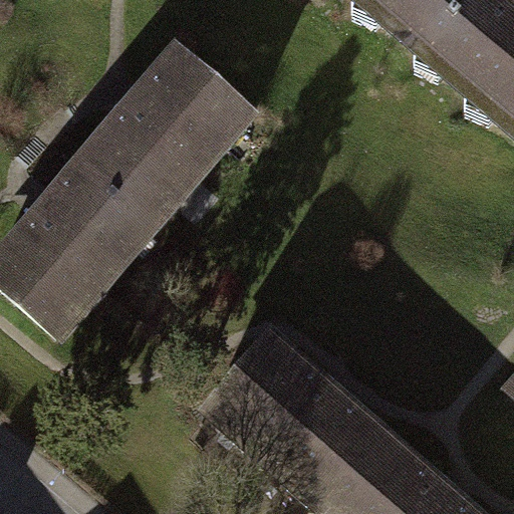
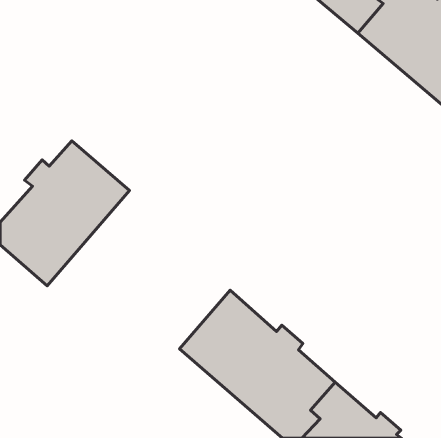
building: [89,44,255,219] -> none

